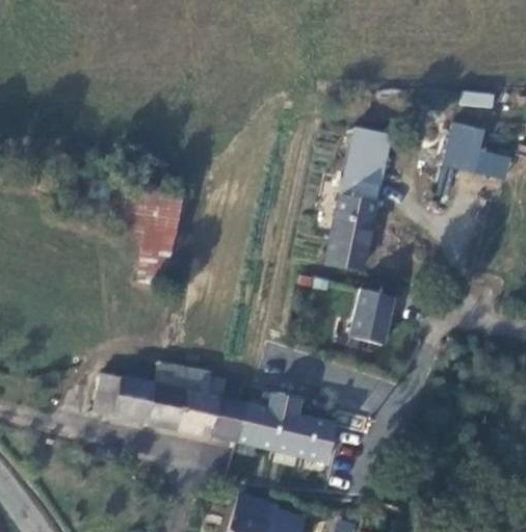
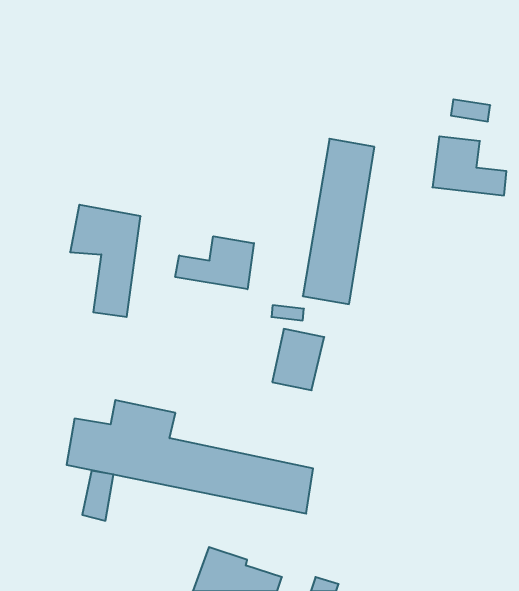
building: none -> [175,236,254,289]
building: [349,288,396,343] -> [272,329,324,390]
building: [93,373,121,418] -> [82,471,114,521]

